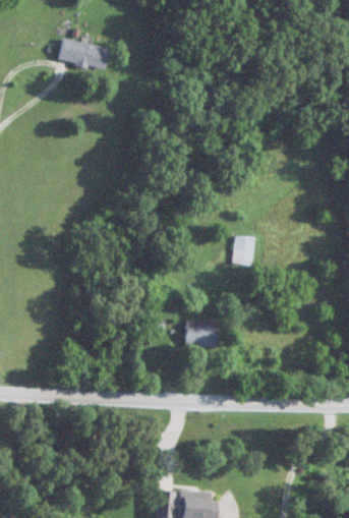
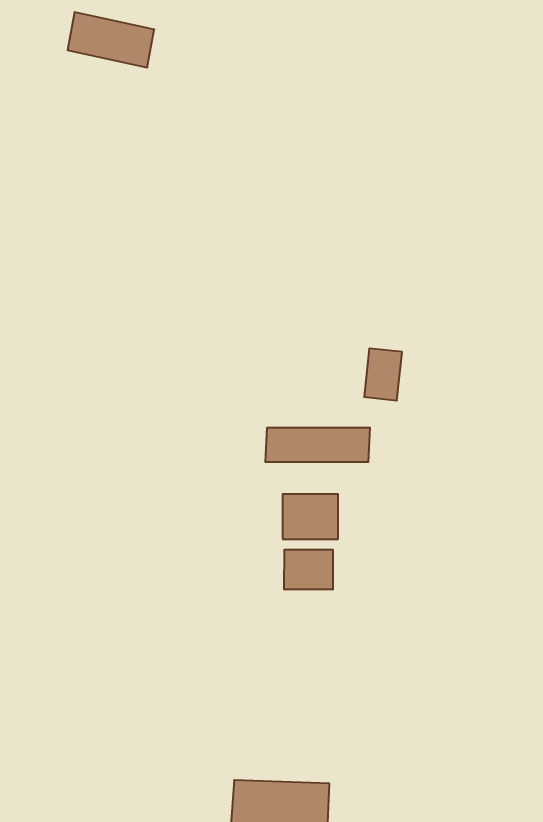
building: none -> [265,428,370,462]
building: none -> [284,550,333,590]

